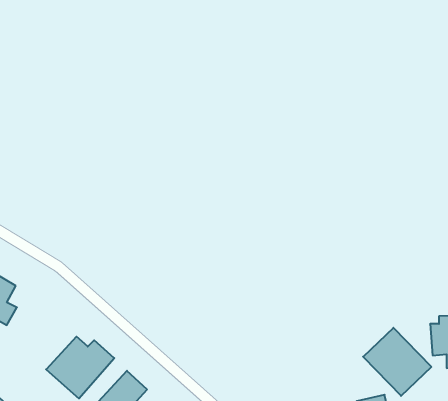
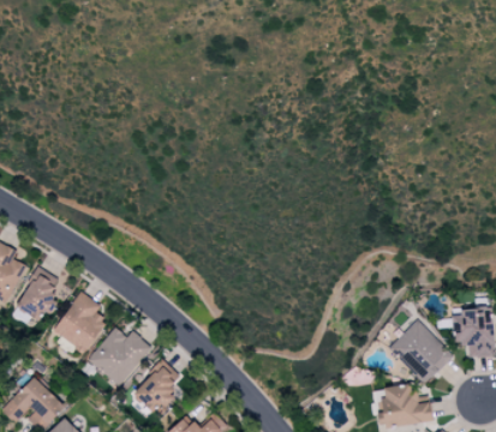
building: none -> [52,292,107,354]

